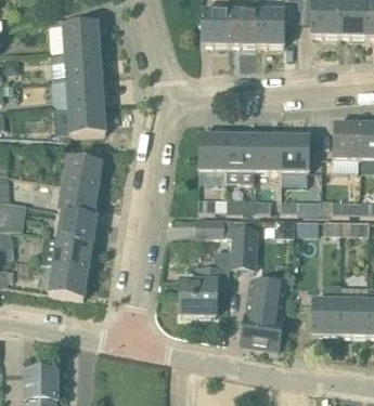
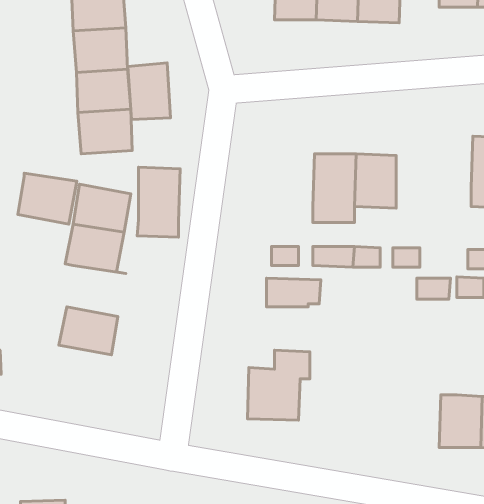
building: none -> [128,63,171,120]
building: [197,133,227,181] -> [137,167,180,237]
building: [281,135,310,183] -> none
building: [59,210,99,245] -> [18,173,77,224]
building: [231,224,257,266] -> none
building: [49,264,89,298] -> none
building: [241,279,286,349] -> none

